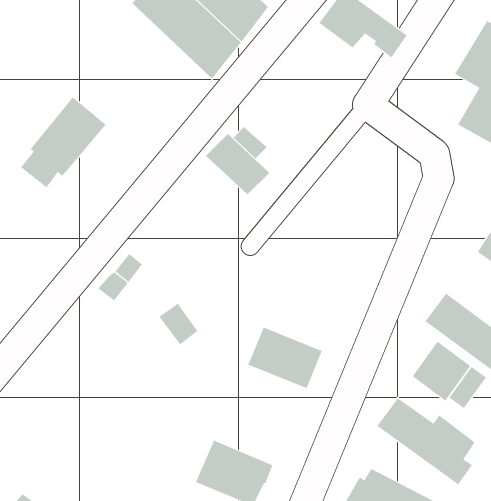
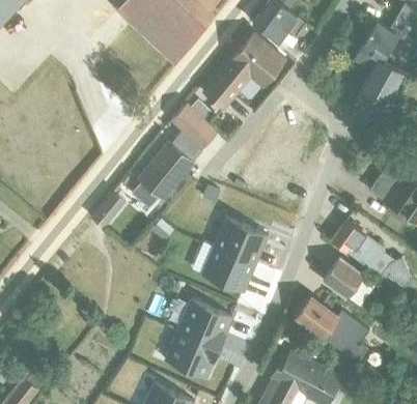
building: none -> [202,32,285,110]
building: [20,96,106,188] -> [130,140,193,207]
building: none -> [212,215,267,263]
building: none -> [175,298,231,347]

